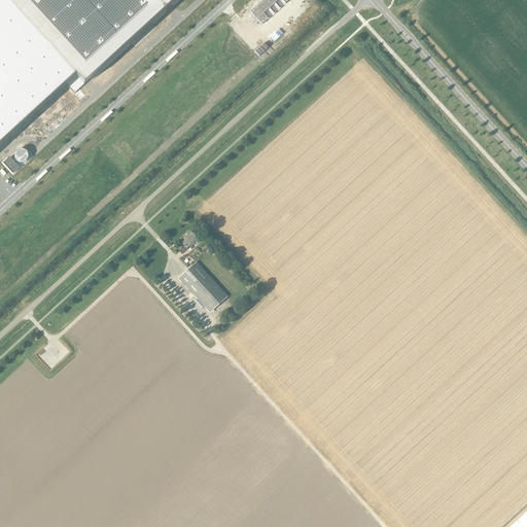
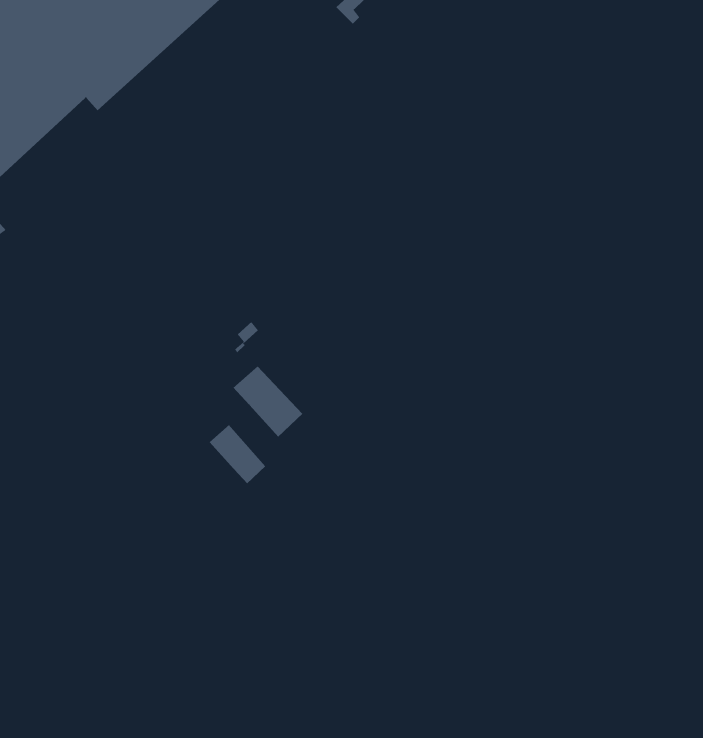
building: none -> [209,424,266,484]

